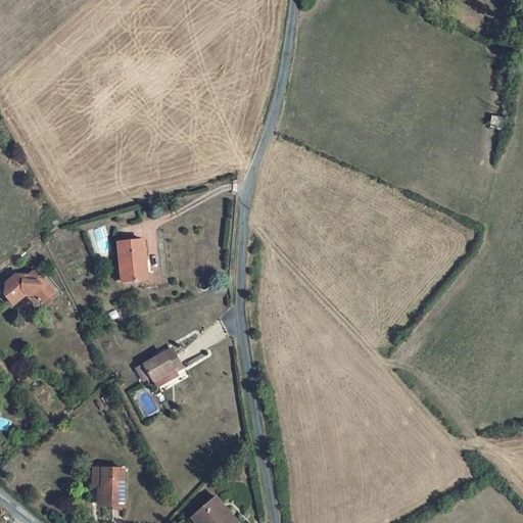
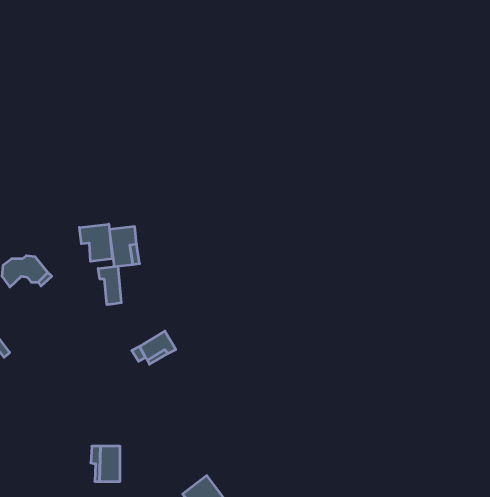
building: none -> [79,224,112,261]
building: none -> [98,266,121,305]

